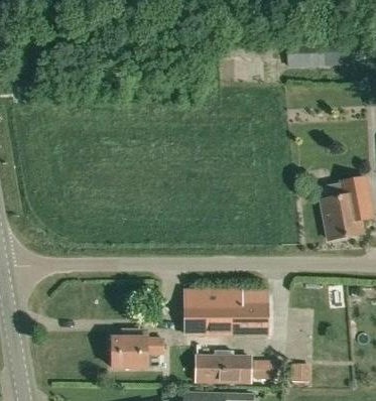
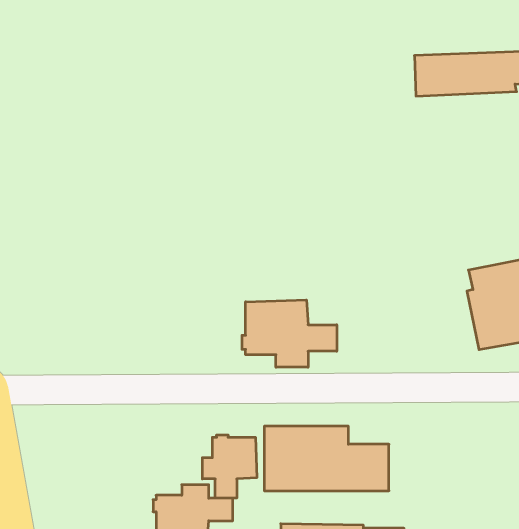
building: none -> [242,300,337,367]
building: none -> [202,435,257,498]

